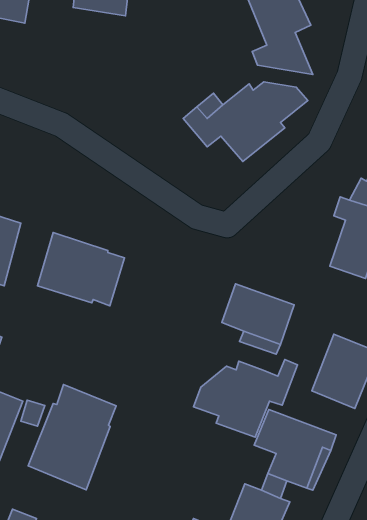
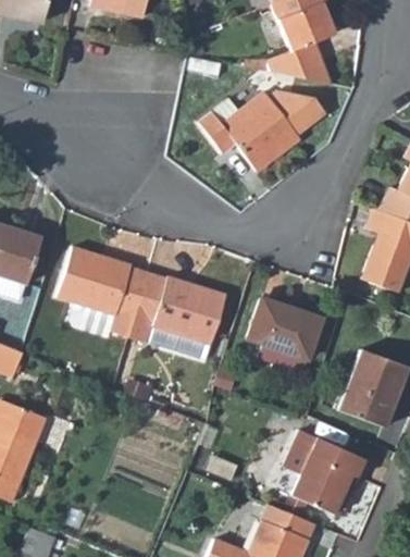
building: none -> [126,270,224,347]
building: [194,360,297,437] -> none
building: [28,385,116,490] -> none

